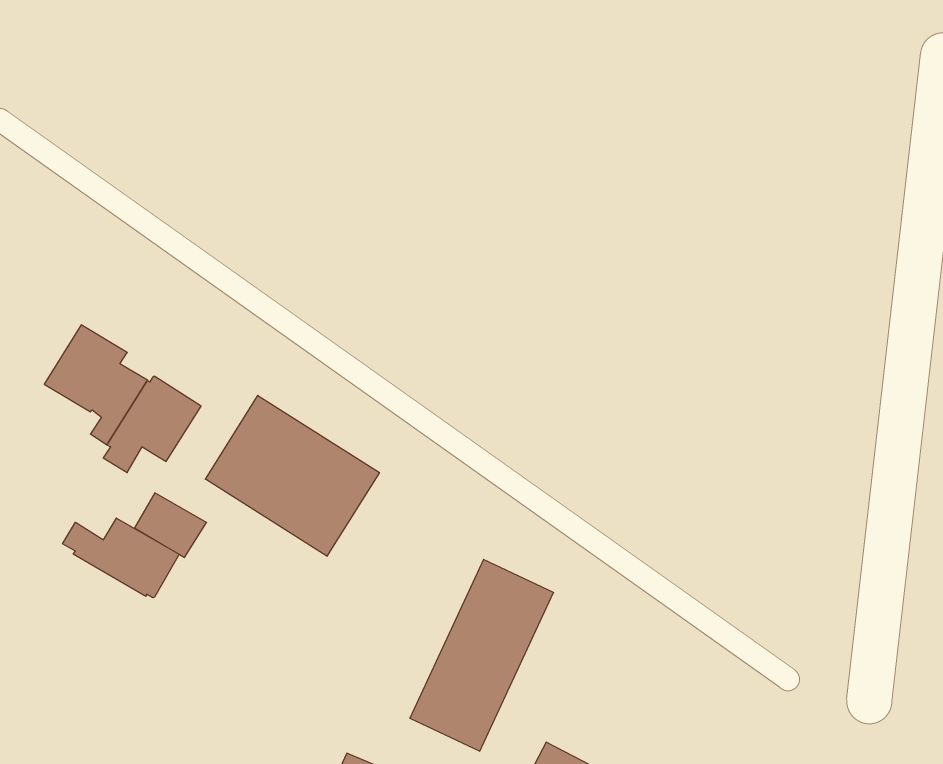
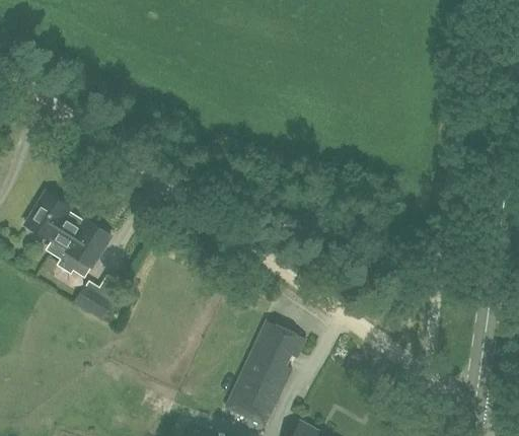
building: [205,395,379,556] -> none
building: [63,518,179,598] -> none

